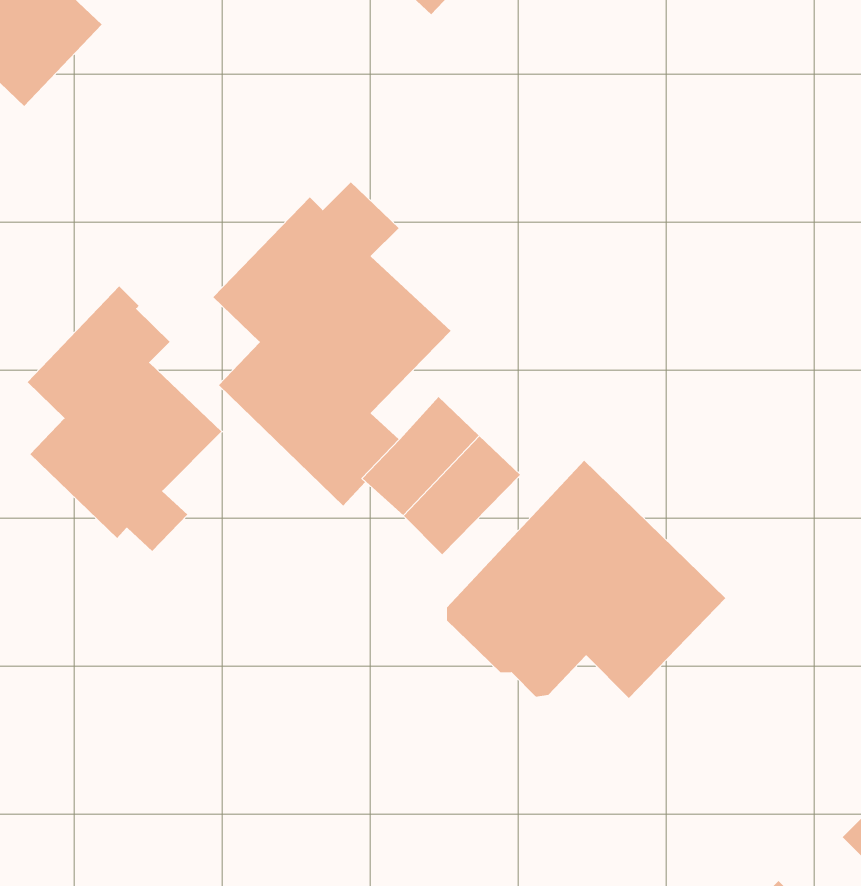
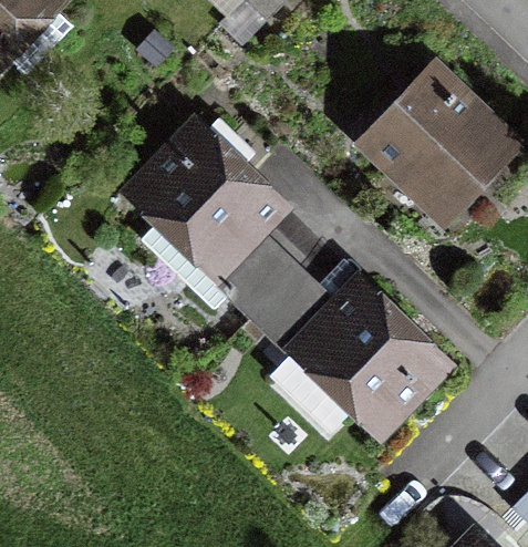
building: none -> [371,68,507,204]
building: [27,285,222,552] -> none

